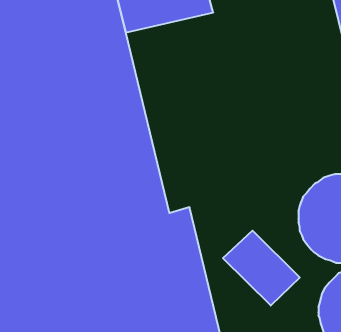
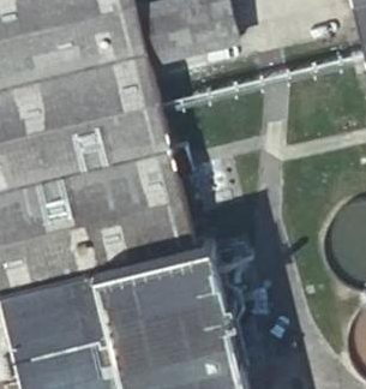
building: [223,231,300,306] -> none

